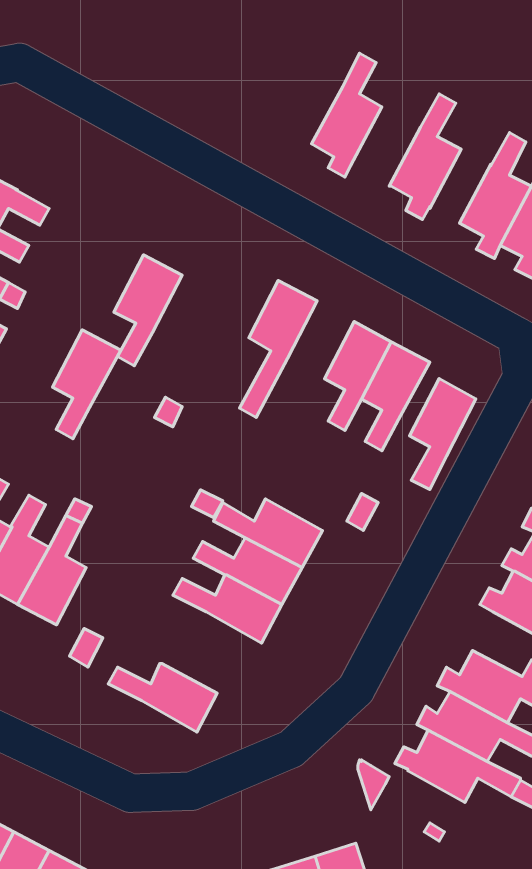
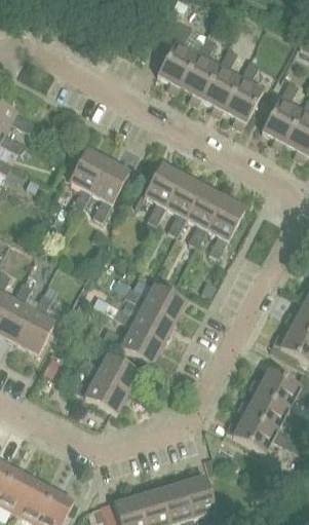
building: none -> [157,18,197,93]
building: none -> [201,47,240,117]
building: [53,330,121,439] -> [91,159,129,220]
building: [409,378,476,489] -> [166,174,203,235]
building: none -> [78,353,140,391]

